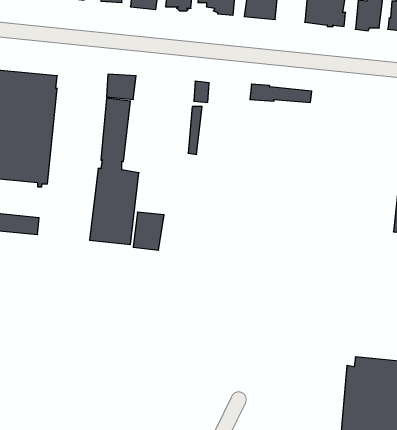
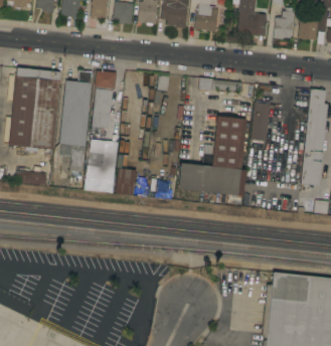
building: none -> [59,70,94,171]
building: none -> [250,102,269,140]
building: none -> [178,116,246,195]

